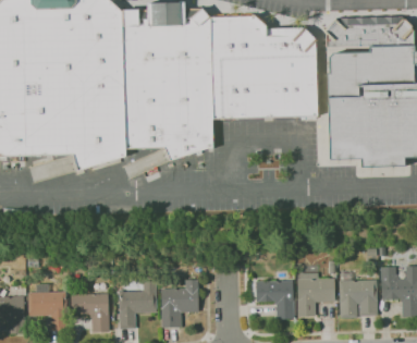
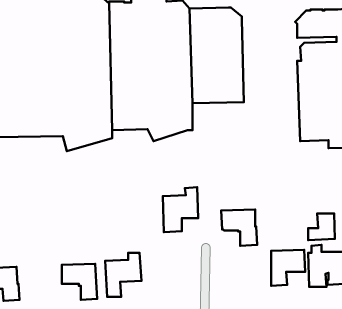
building: [267,27,318,118] -> none
building: none -> [308,213,335,240]
building: [161,279,199,328] -> [163,187,198,232]
building: [256,280,295,319] -> [221,210,257,246]
building: [28,282,68,330] -> none

